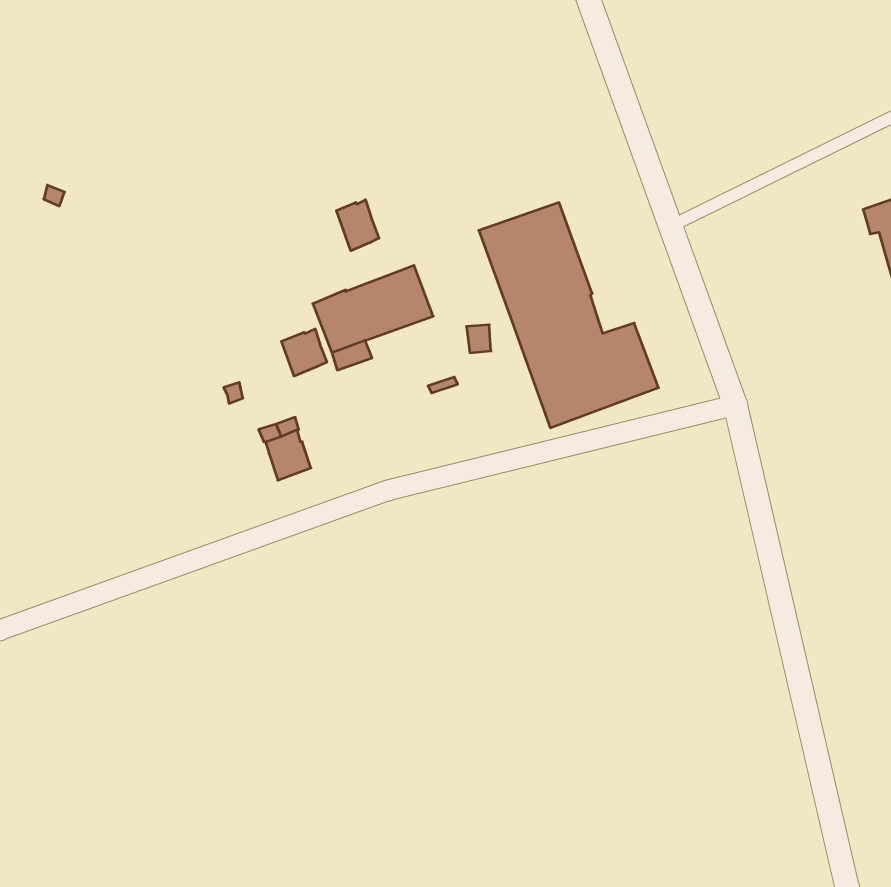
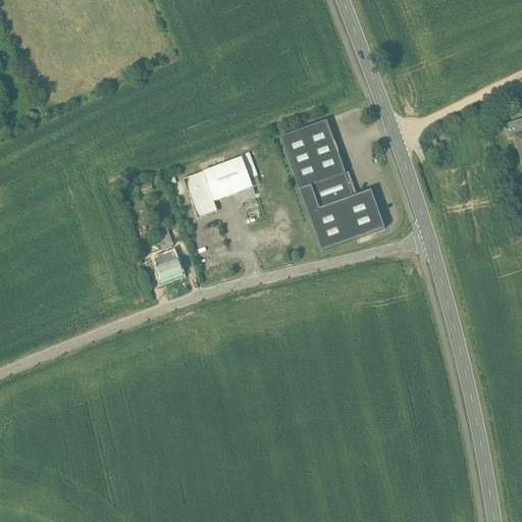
building: [336,200,379,251] -> none
building: [281,329,327,376] -> none

